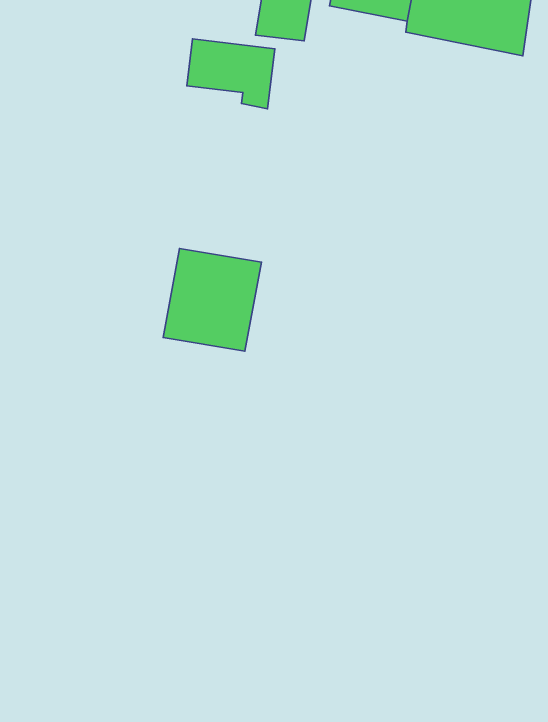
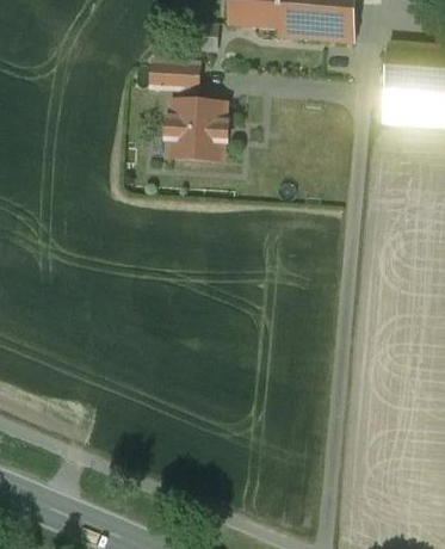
building: [163,248,261,351] -> [169,100,225,160]

